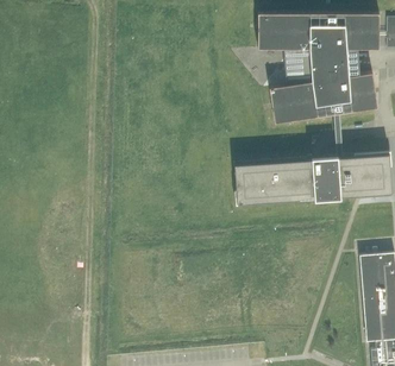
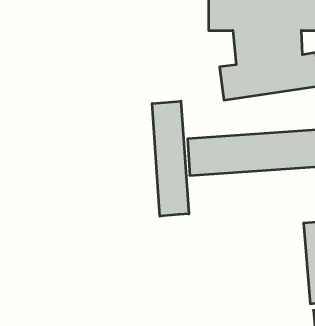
building: none -> [152,101,189,216]

